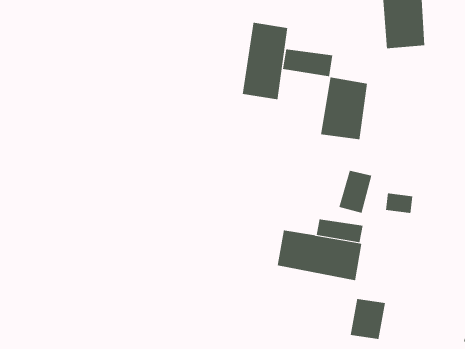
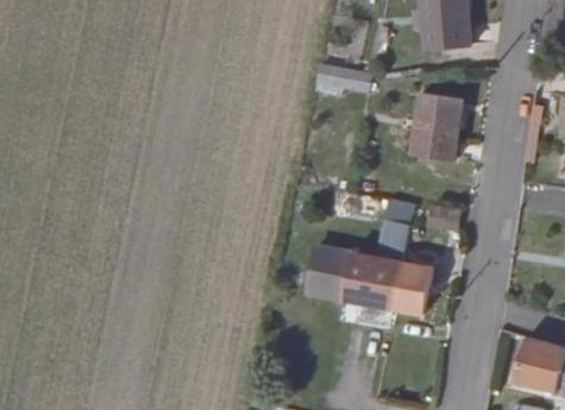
building: [242,22,288,100] -> none
building: [320,77,368,140] -> [412,108,464,177]
building: [350,298,386,340] -> [397,275,437,320]

